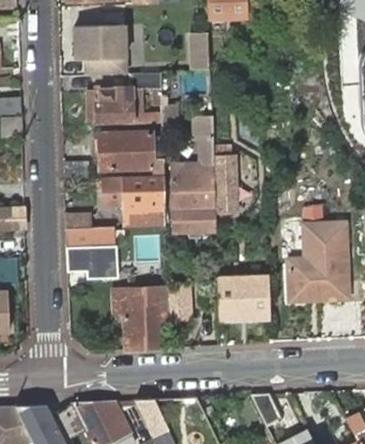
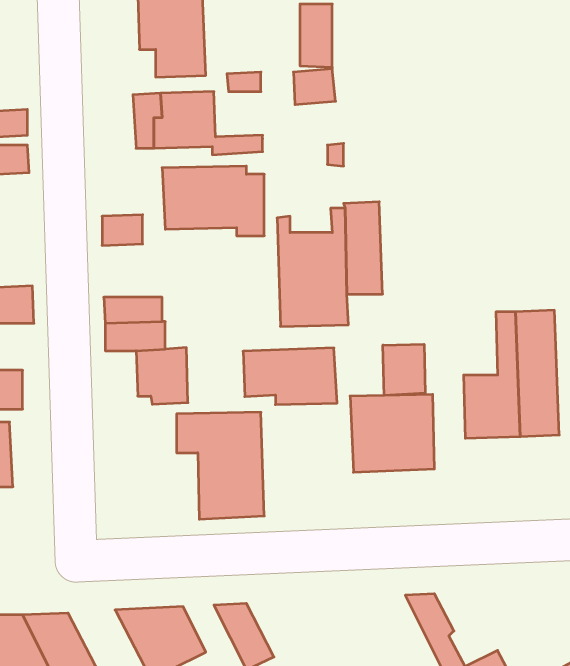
building: [105,179,163,214] -> [243,348,337,405]
building: none -> [383,344,425,395]

